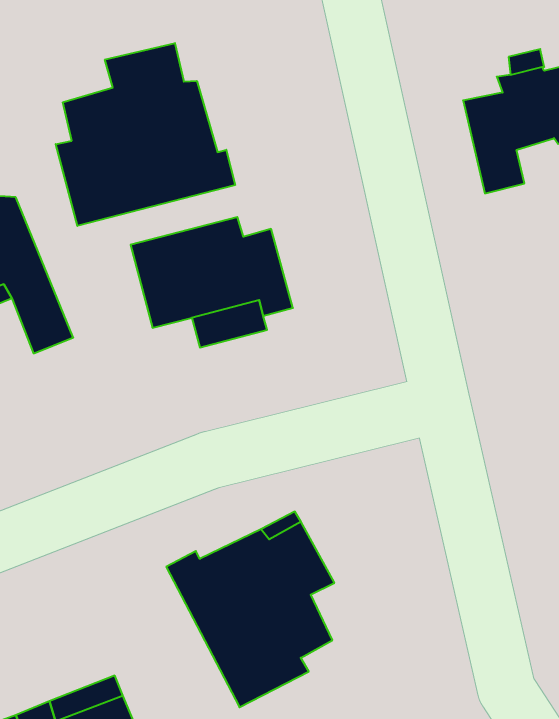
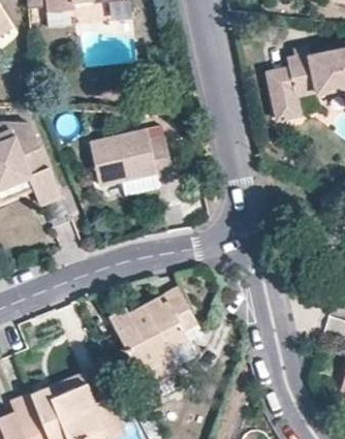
building: [56,43,235,226] -> none

